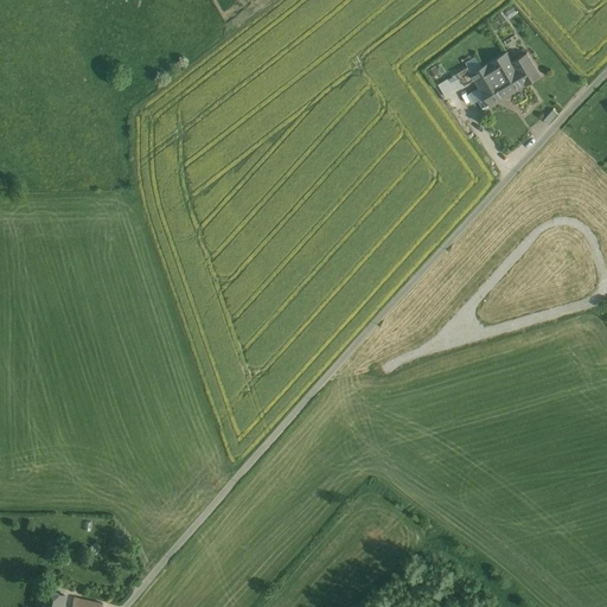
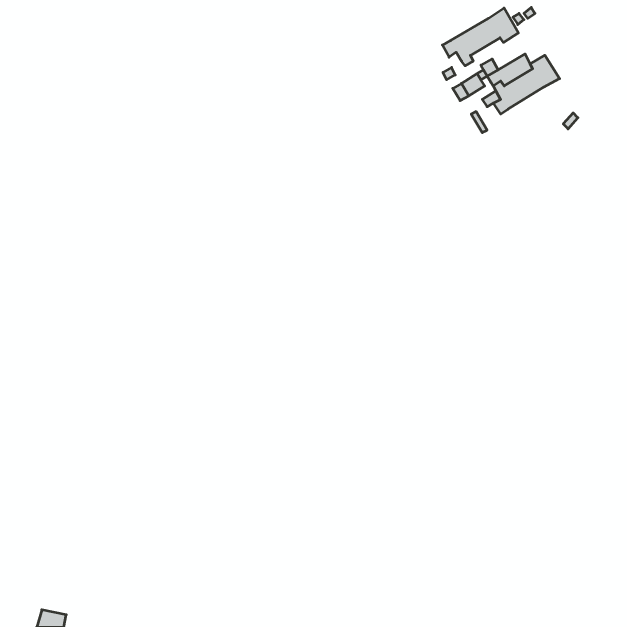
building: none -> [442,8,518,66]

